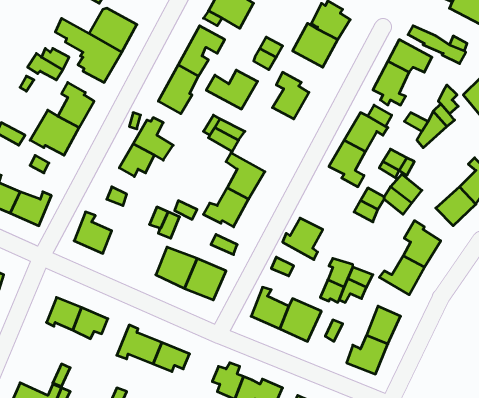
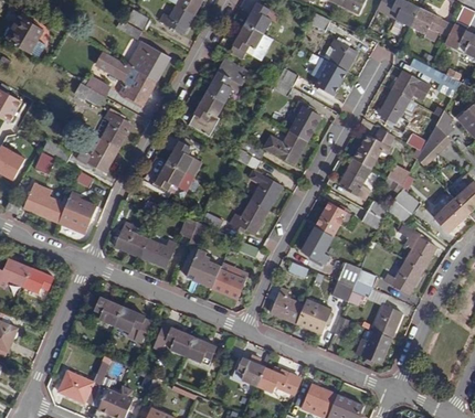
building: [206,70,258,109] -> [263,130,308,164]
building: none -> [314,202,352,237]
building: none -> [140,238,177,269]

